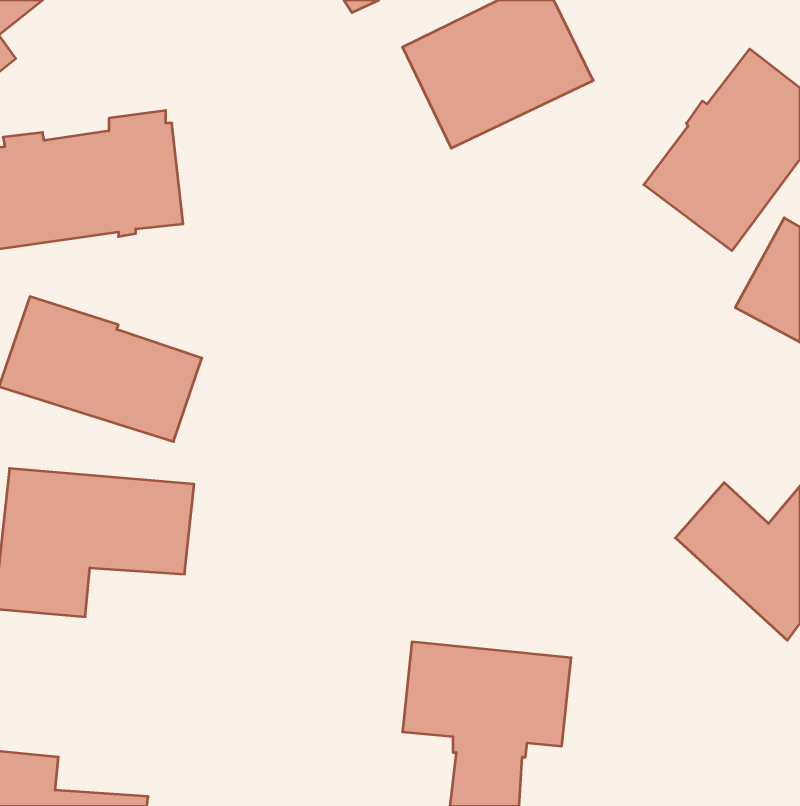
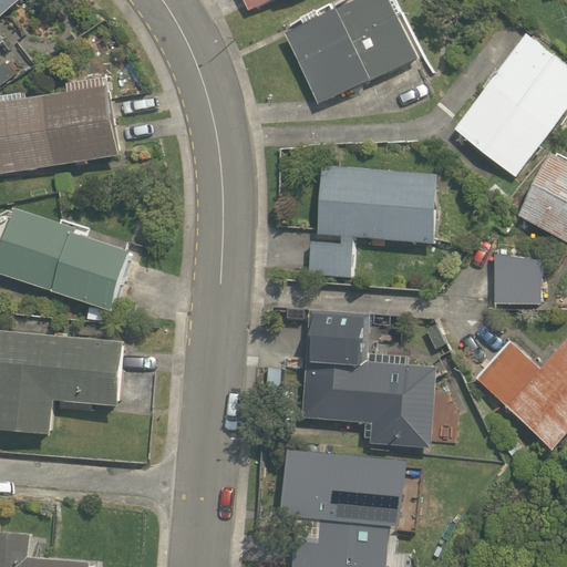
building: none -> [307,165,439,278]
building: none -> [493,258,542,305]
building: none -> [298,310,434,447]

